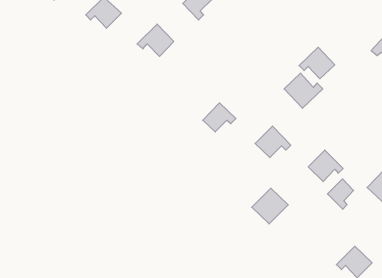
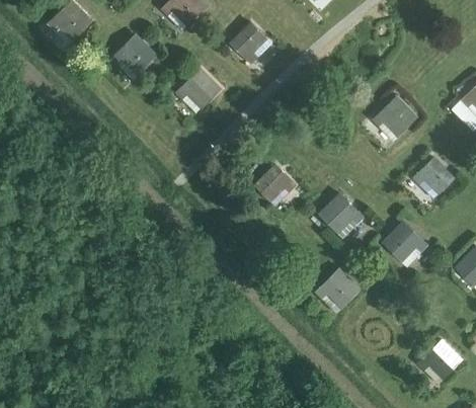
building: [284,73,323,108] -> none
building: none -> [412,158,453,193]
building: [327,179,354,209] -> none

